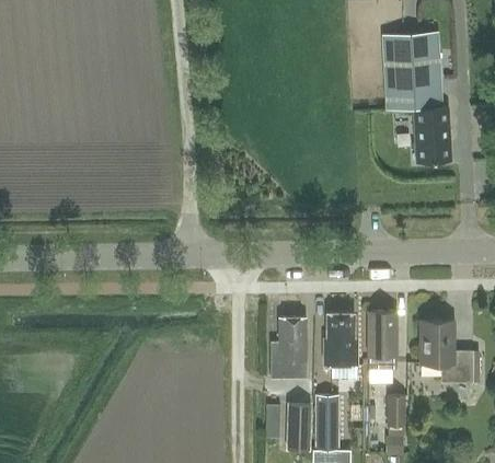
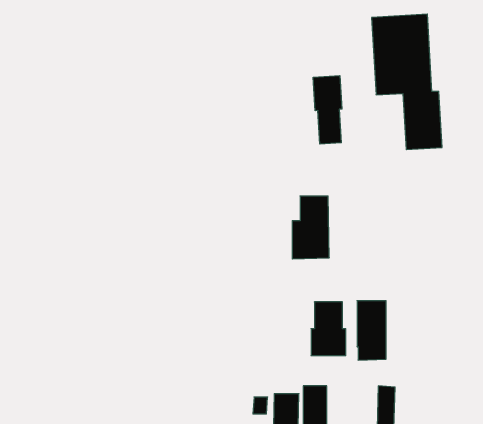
building: none -> [313,76,342,144]
building: [270,317,307,379] -> [292,196,329,259]
building: [419,321,473,383] -> none

